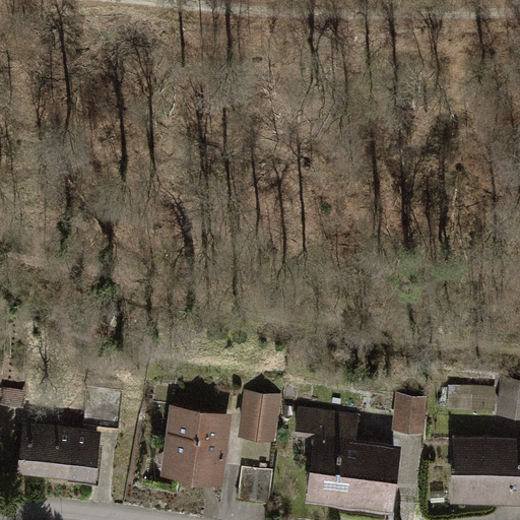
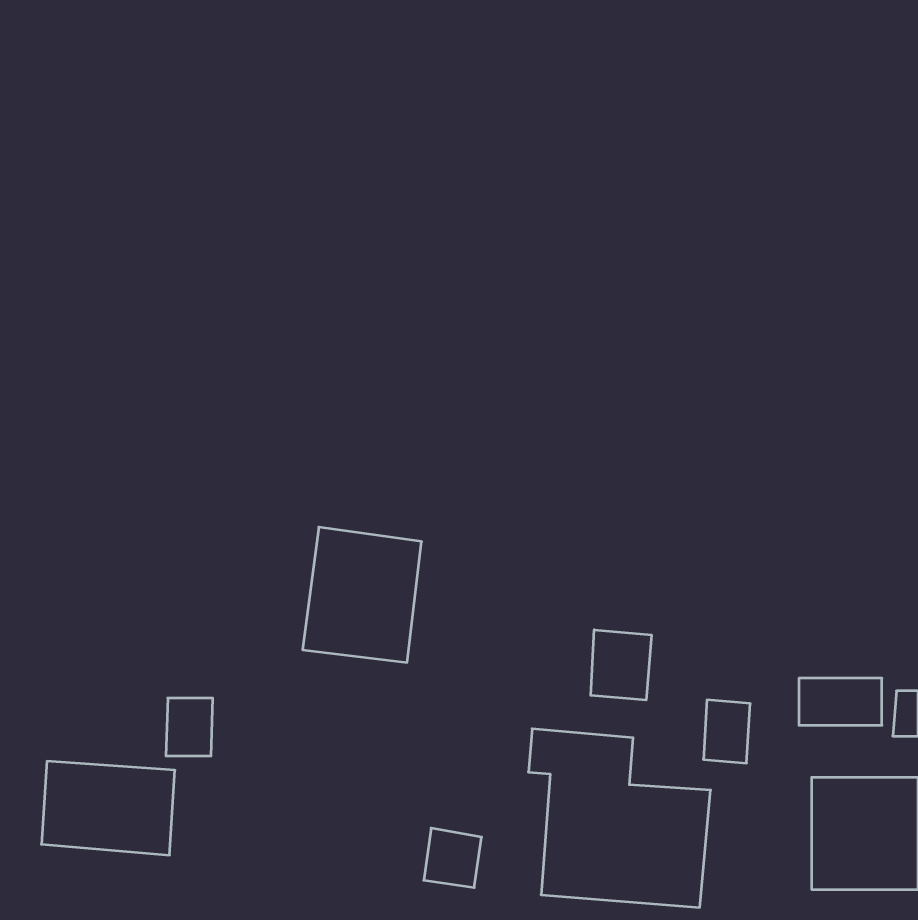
building: none -> [591,630,651,700]
building: [246,396,277,441] -> none
building: [161,403,229,479] -> [303,527,422,662]

